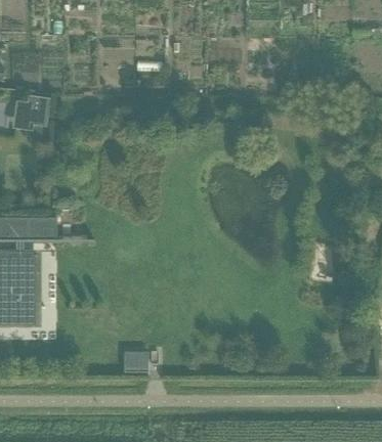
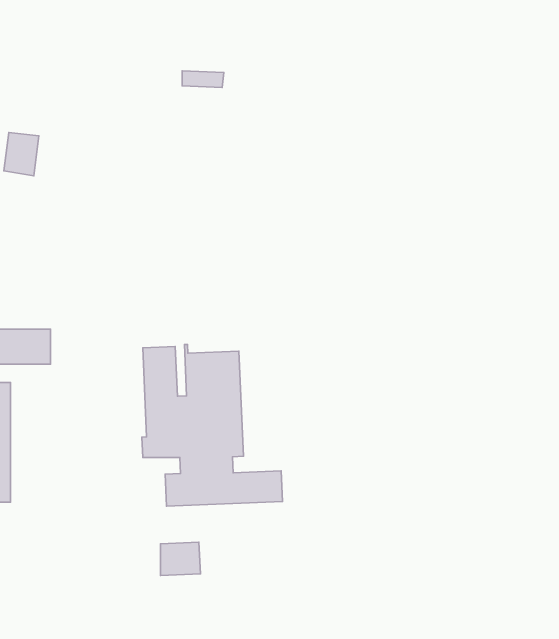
building: none -> [142,344,282,506]

